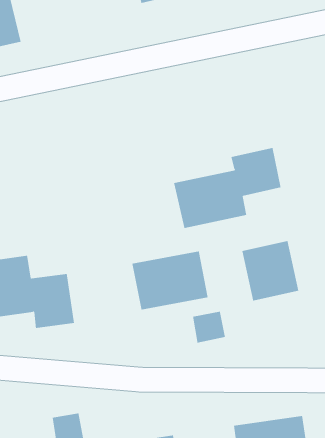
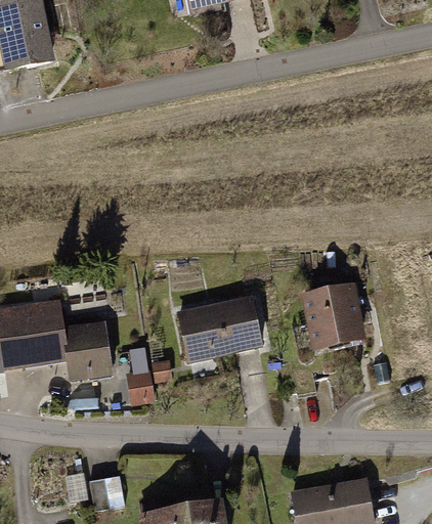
building: [174,147,281,229] -> none
building: none -> [127,357,173,404]
building: [193,311,226,344] -> none

